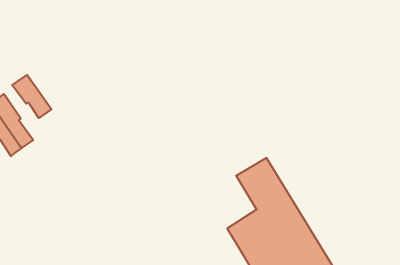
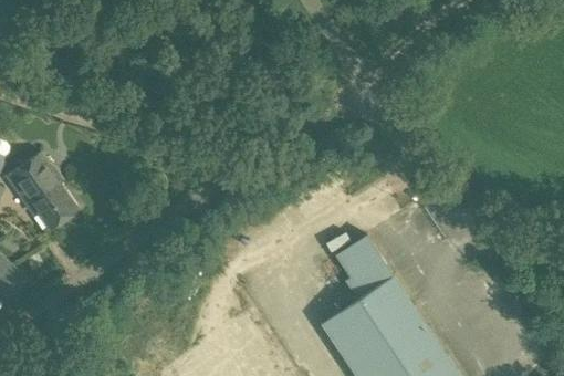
building: [12,75,51,118] -> none

